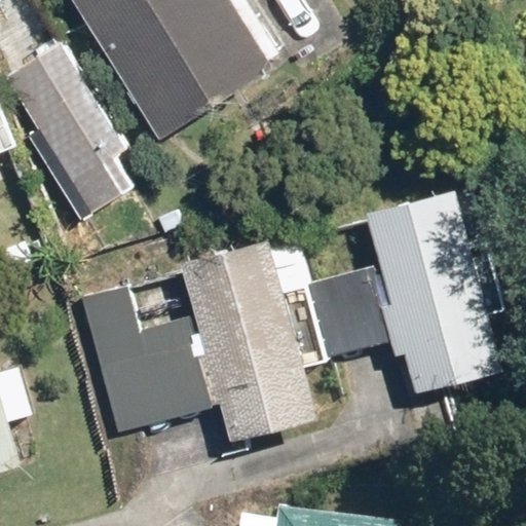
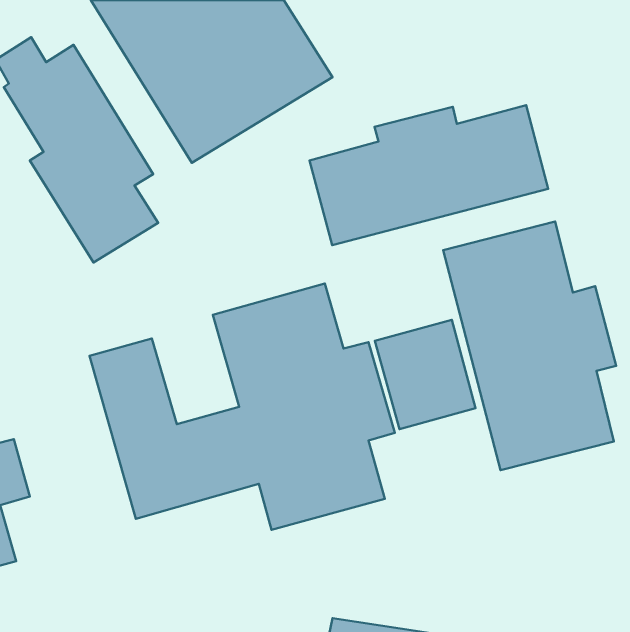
building: none -> [309,105,548,245]

